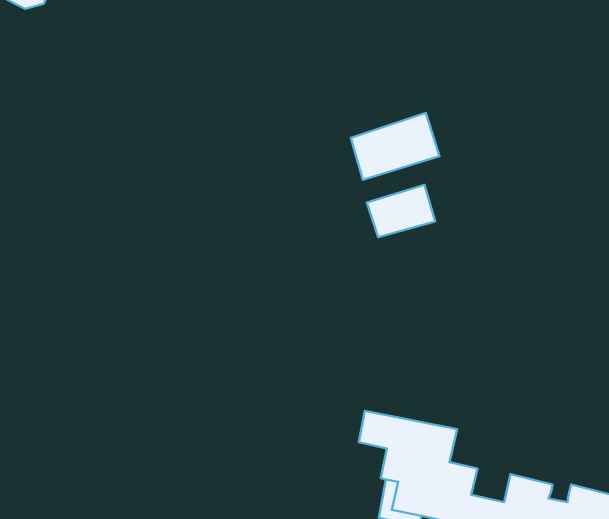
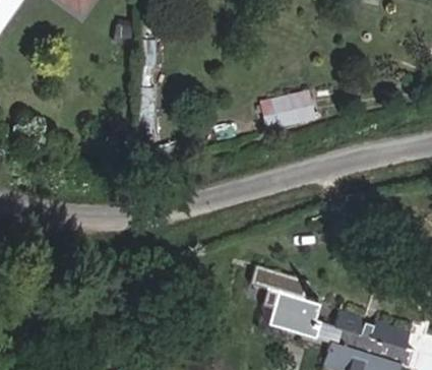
building: [367,185,435,237] -> none

